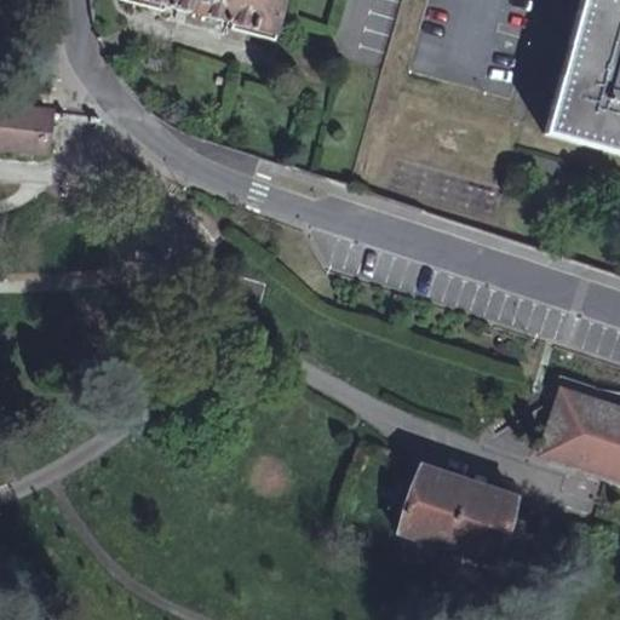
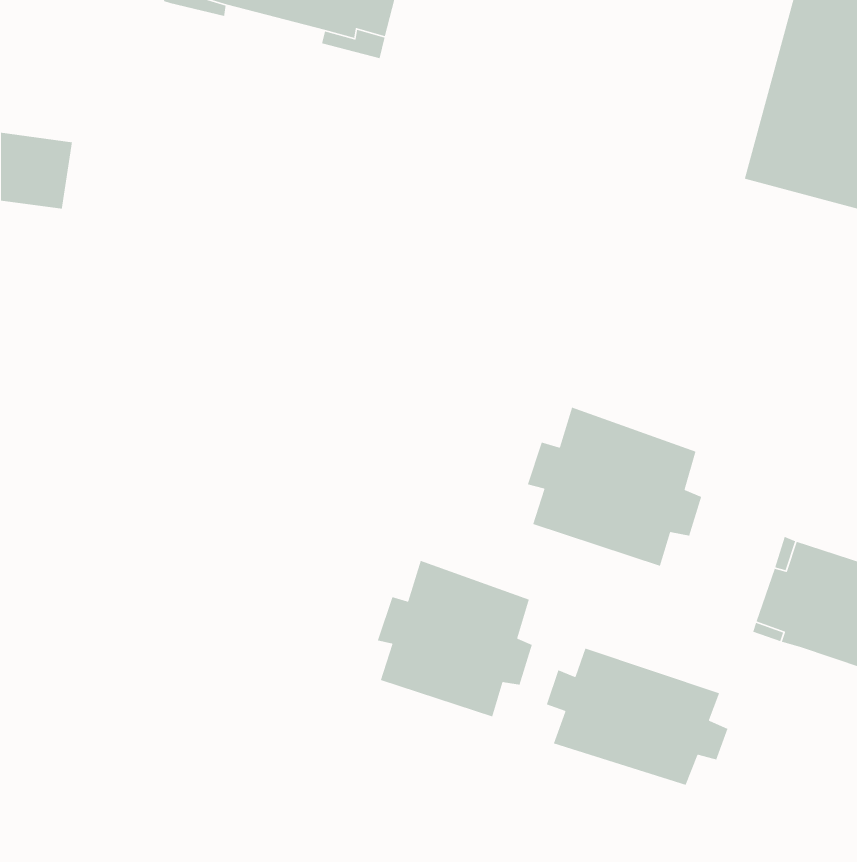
building: none -> [527,407,702,567]
building: none -> [377,560,533,717]

